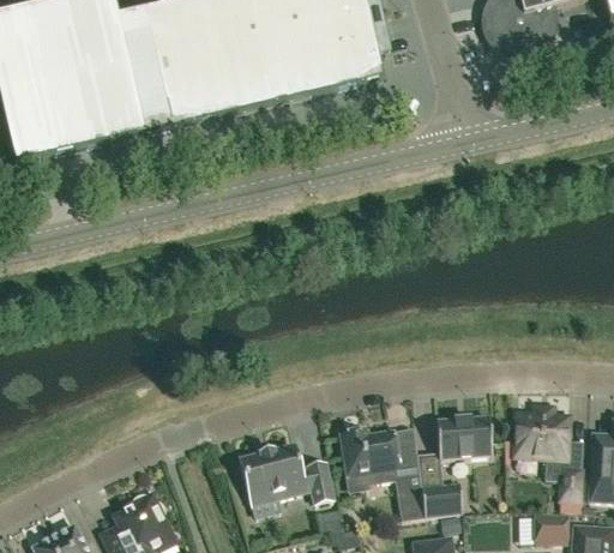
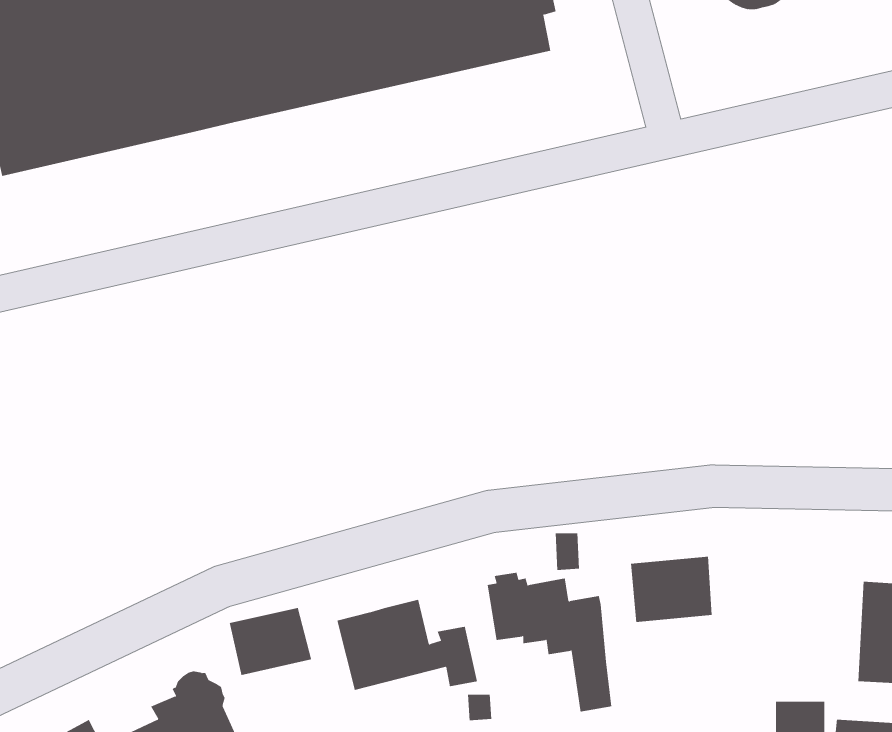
building: [514,408,582,498] -> none
building: none -> [229,607,312,676]
building: [420,481,459,516] -> none

